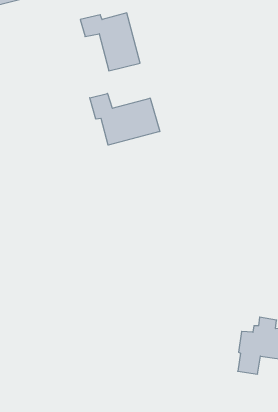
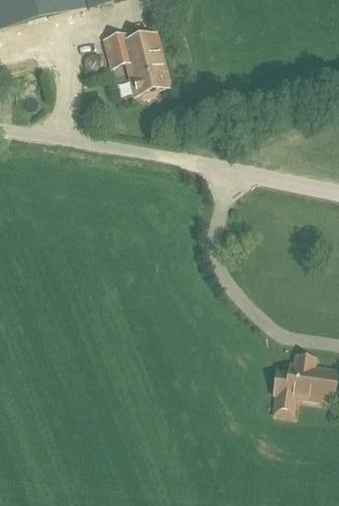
building: [90,93,160,145] -> none

